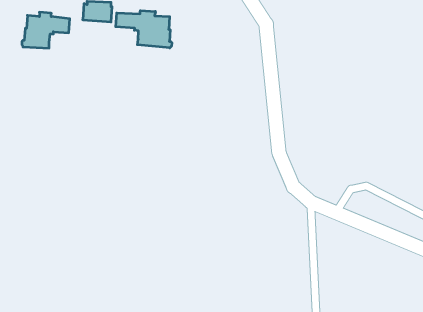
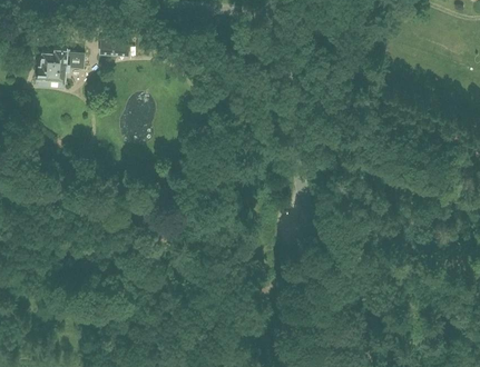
building: [116,11,172,48] -> none

